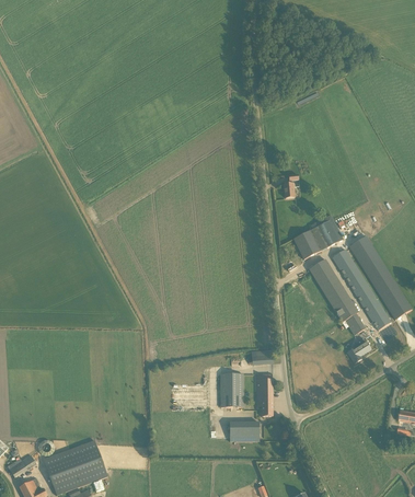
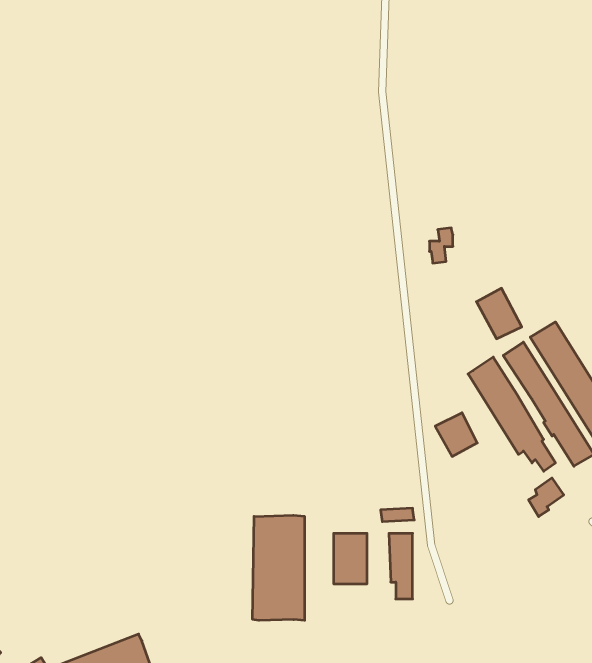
building: [292,229,320,257] -> [435,413,477,456]
building: none -> [253,515,305,620]
building: [229,421,258,440] -> none

